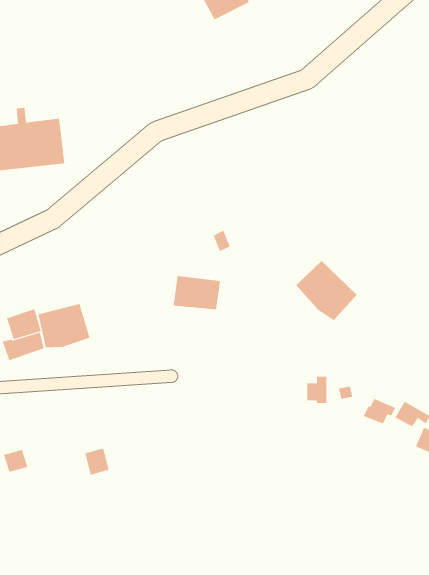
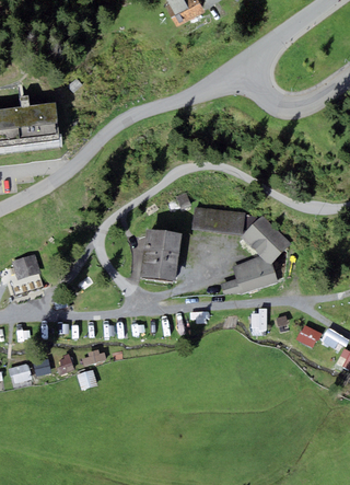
building: none -> [191,207,243,235]
building: [38,303,90,348] -> none
building: none -> [141,252,178,280]
building: none -> [219,255,276,295]

